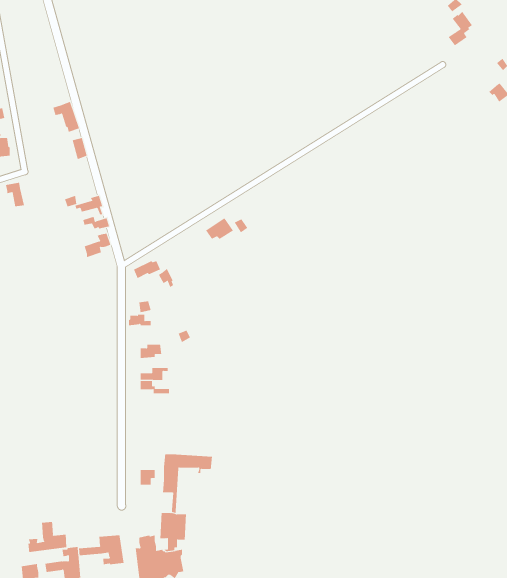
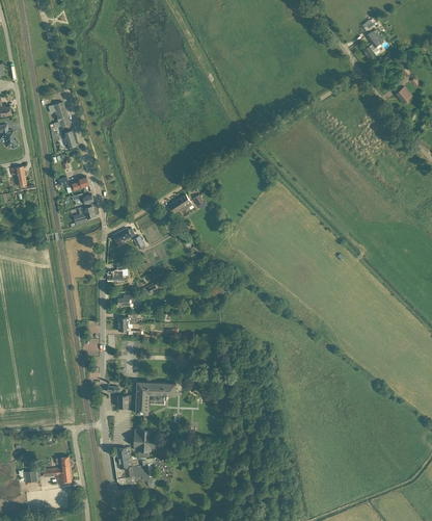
building: [28,521,67,553] -> none
building: [79,535,124,565] -> none

